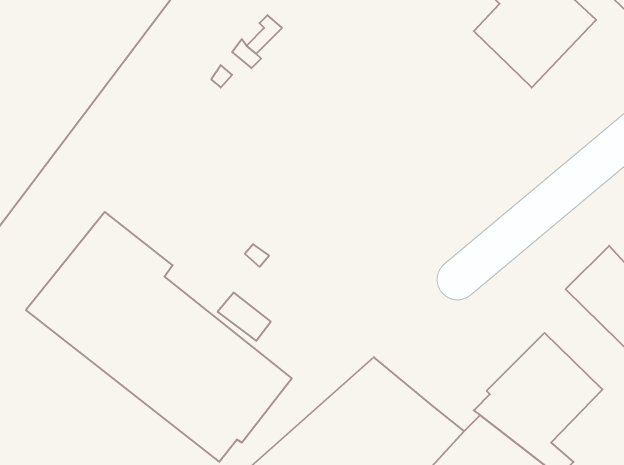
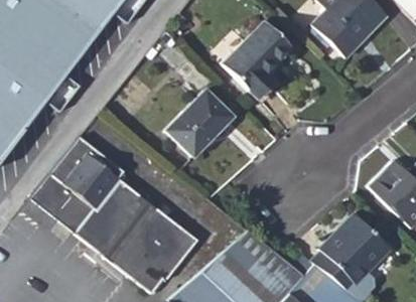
building: none -> [223,20,292,99]
building: none -> [166,89,233,155]

